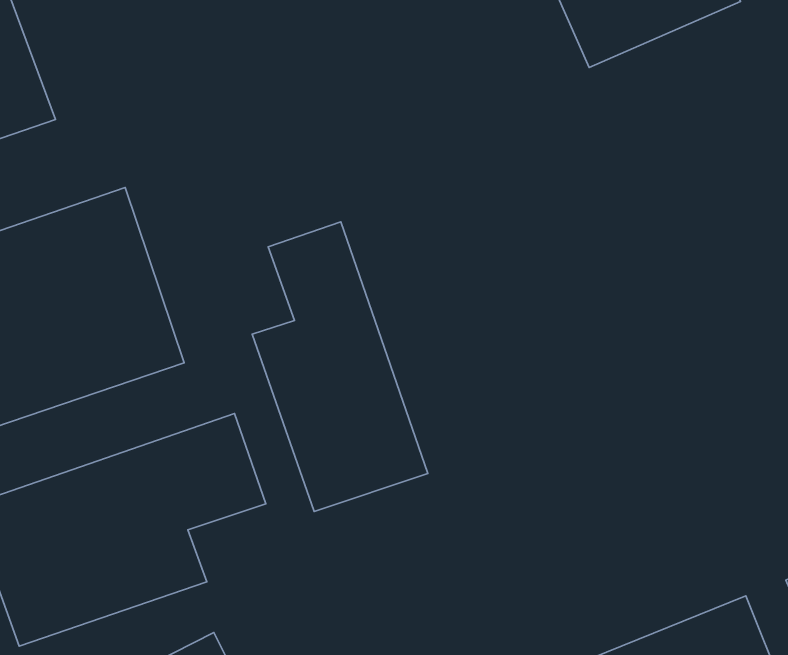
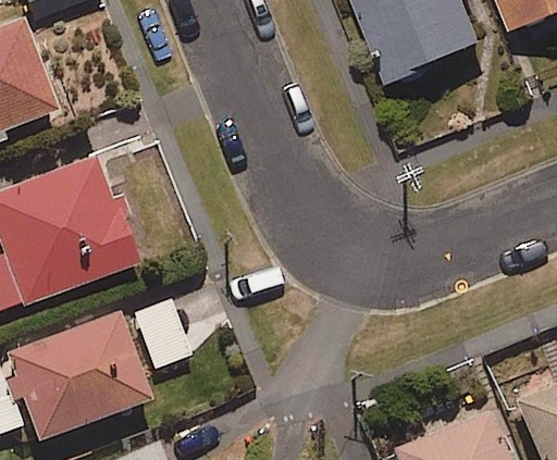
building: [252,222,428,511] -> none

